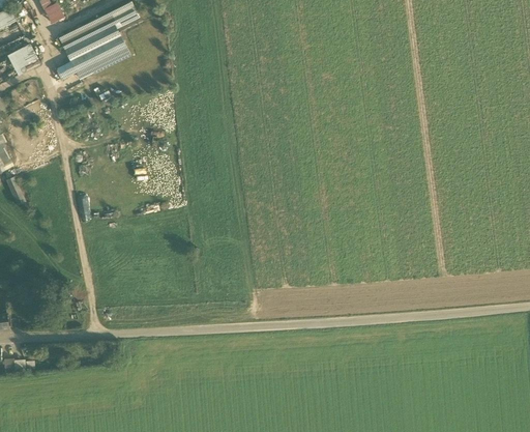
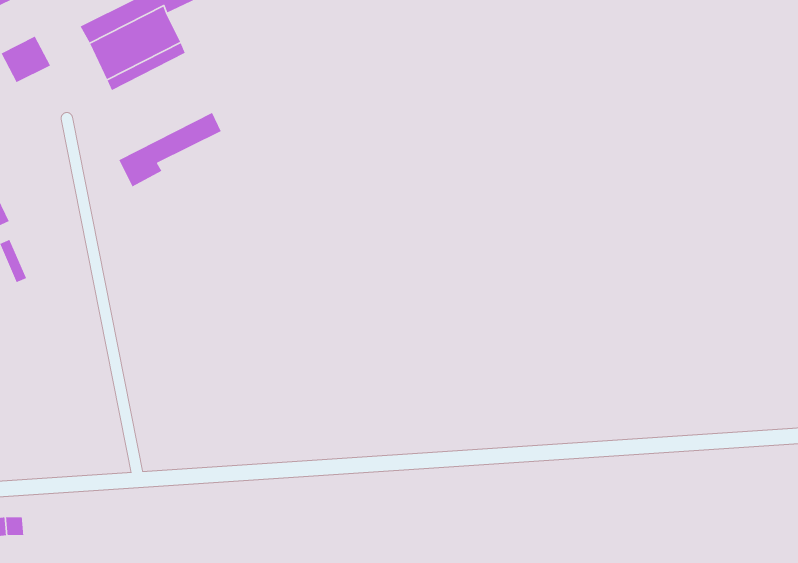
building: none -> [118,112,222,188]

